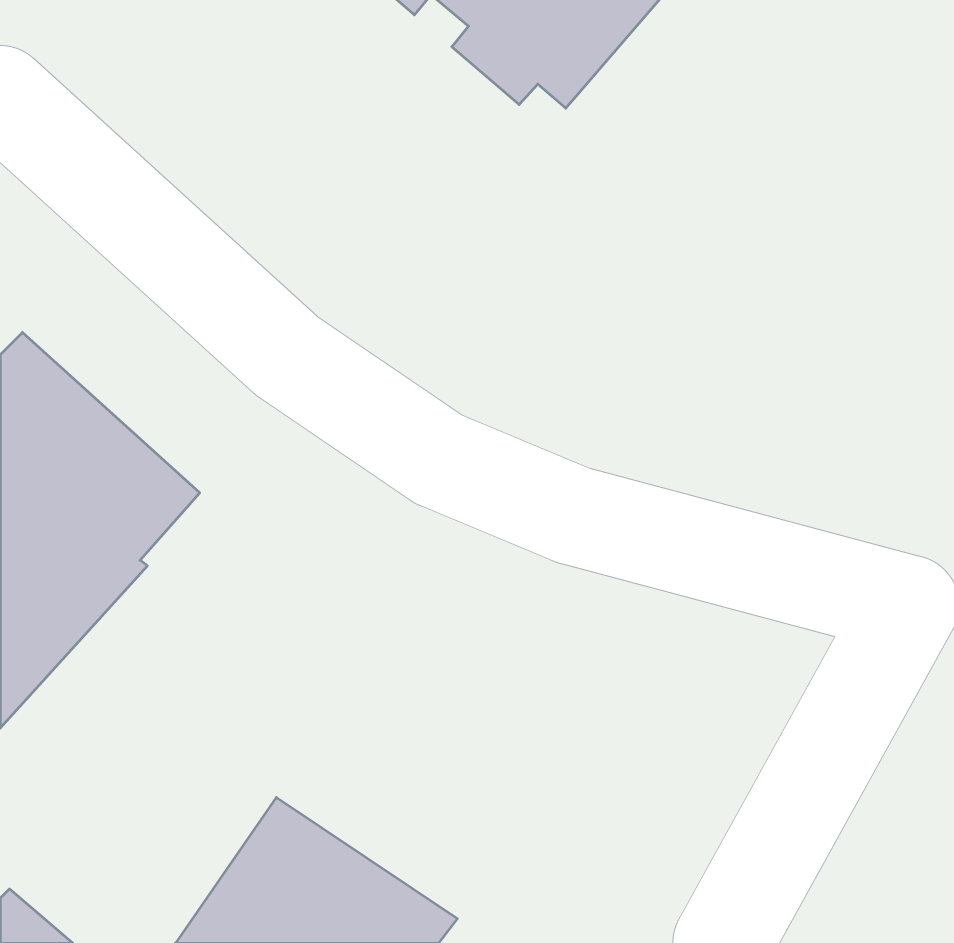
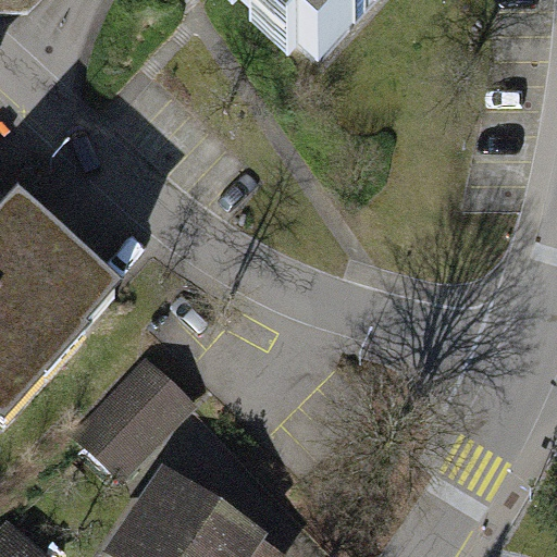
building: none -> [70,355,198,483]

